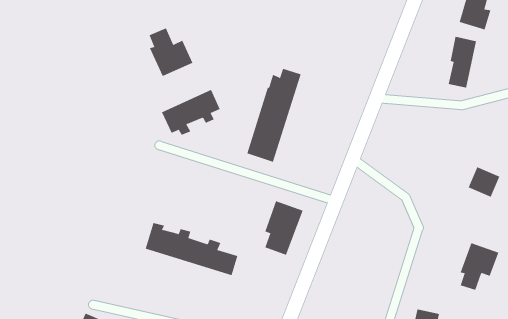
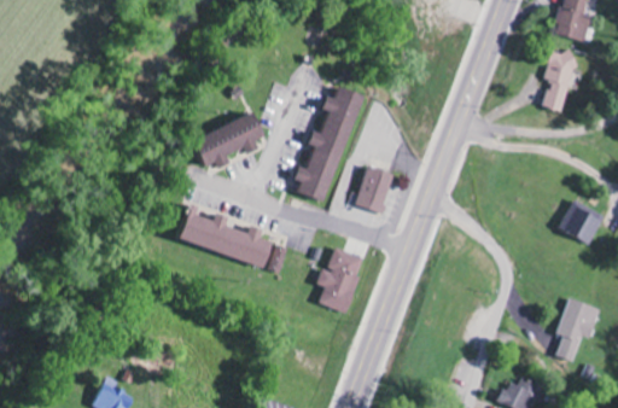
building: [149,28,193,77] -> none
building: none -> [356,165,395,214]
building: [145,223,238,276] -> [174,208,286,272]

